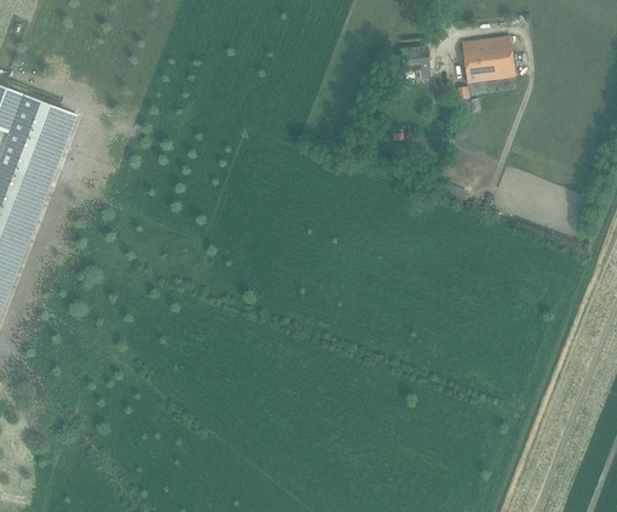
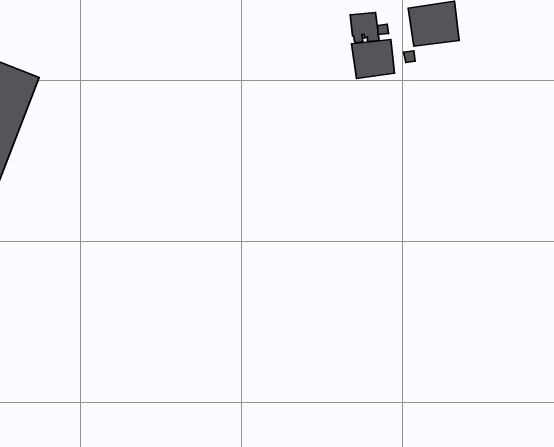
building: none -> [351,40,395,78]

